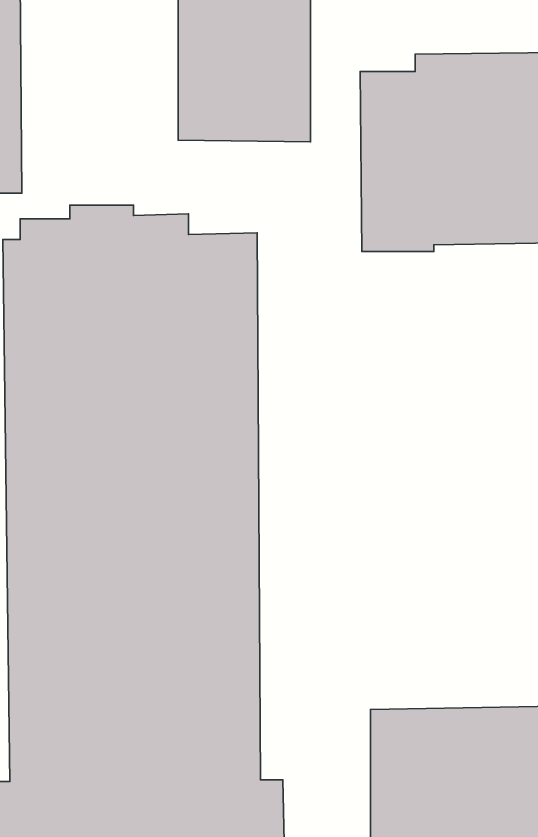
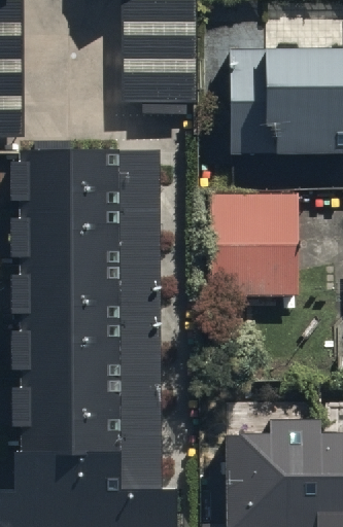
building: none -> [209,187,294,291]

